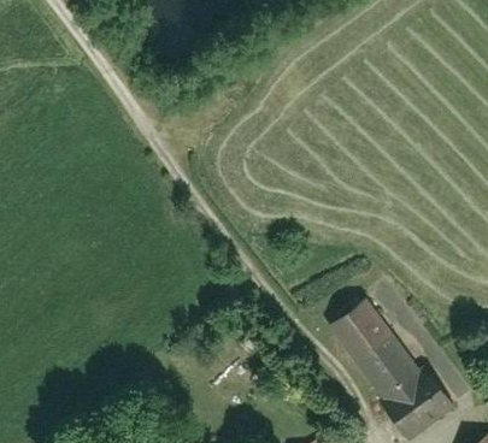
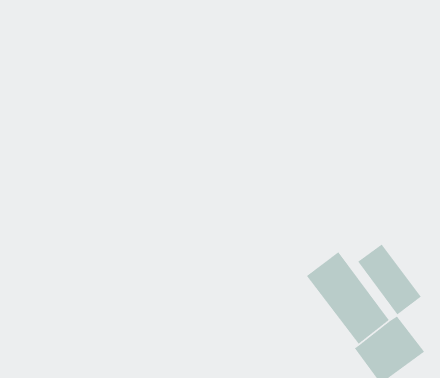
building: none -> [357,244,422,315]

